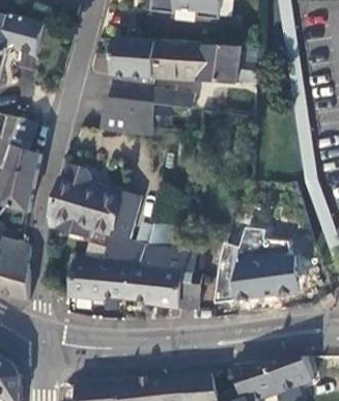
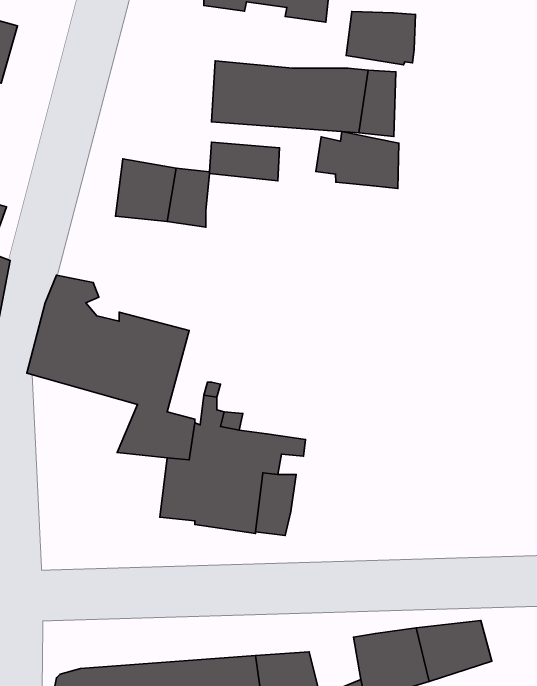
building: none -> [346,11,416,65]
building: [112,37,156,77] -> none
building: none -> [316,132,399,189]
building: [217,231,304,309] -> none
building: [68,260,129,299] -> none

